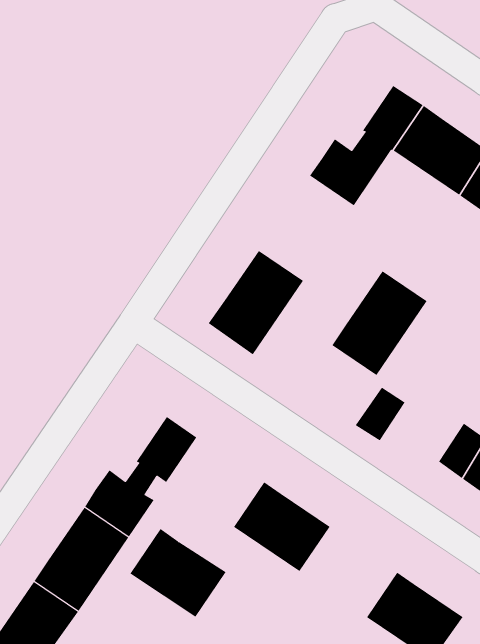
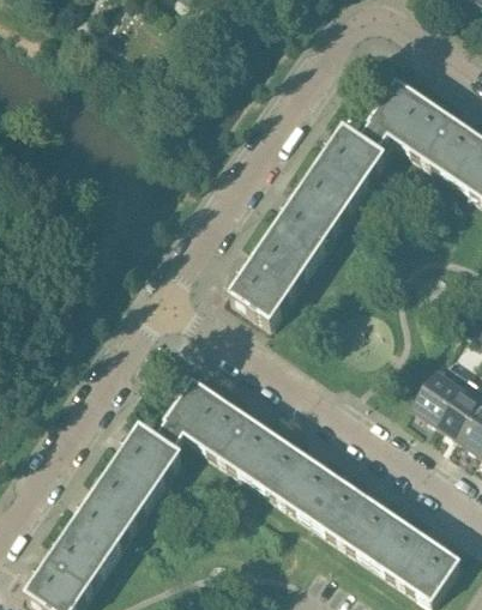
building: [331,271,427,376] -> [273,161,360,255]
building: [355,387,405,441] -> [412,369,458,418]
building: none -> [311,477,398,558]
building: [129,528,227,617] -> [191,397,278,477]

